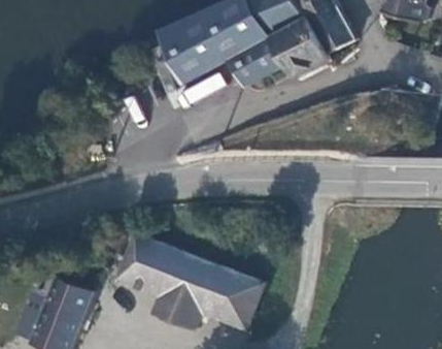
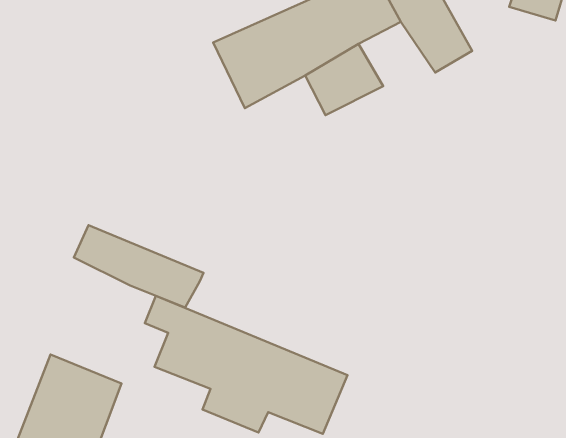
building: [271,20,329,77] -> none
building: none -> [74,225,203,308]

